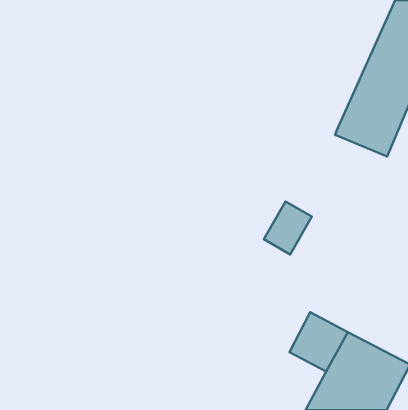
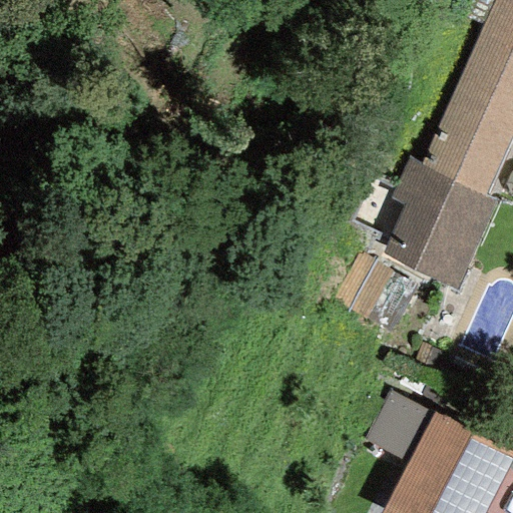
building: none -> [381,158,500,292]

